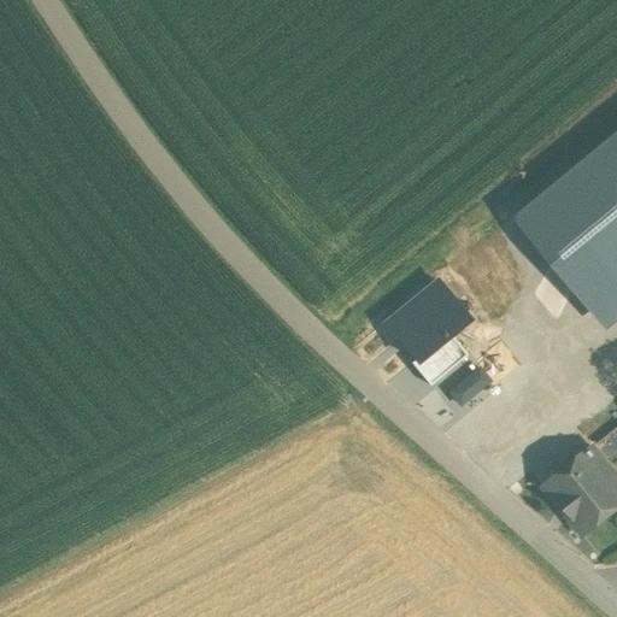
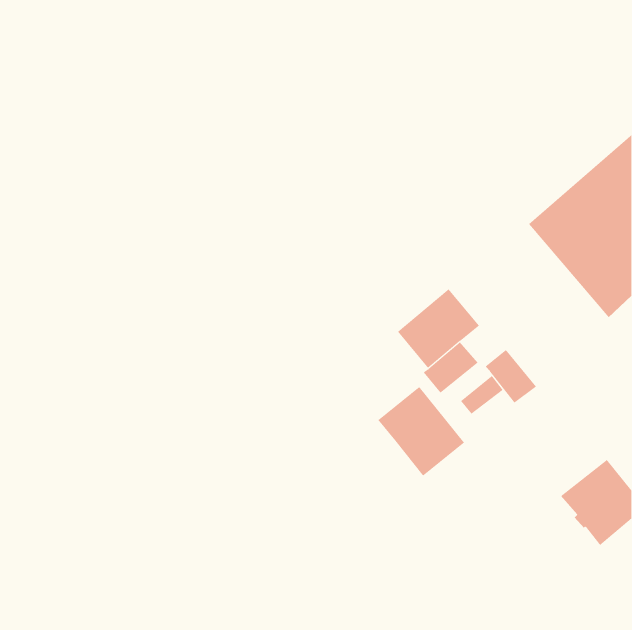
building: none -> [485,349,537,403]
building: none -> [377,386,465,476]

